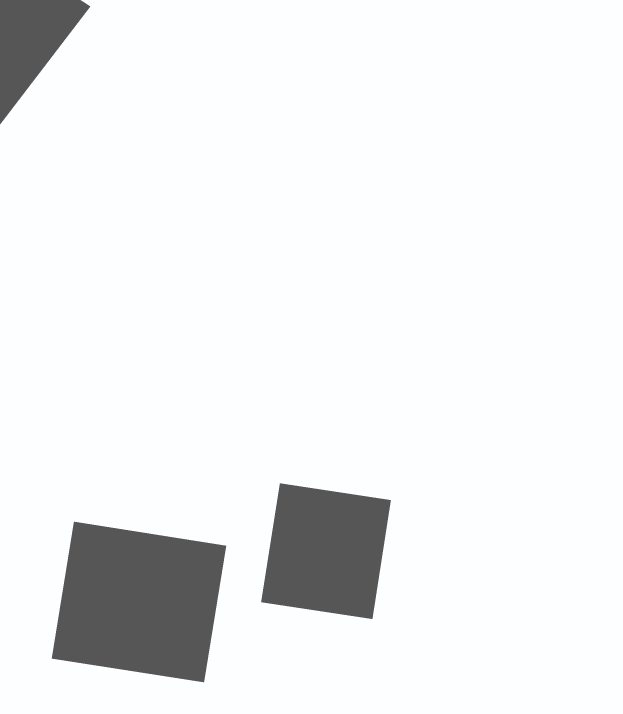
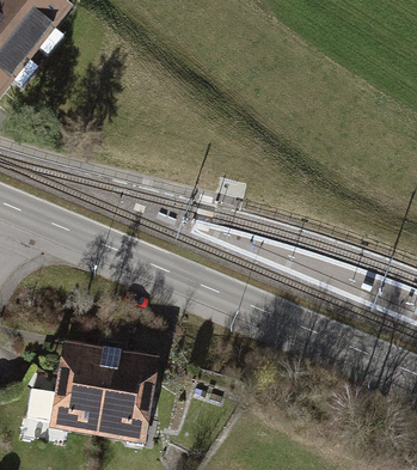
building: [261,482,392,620] -> none

